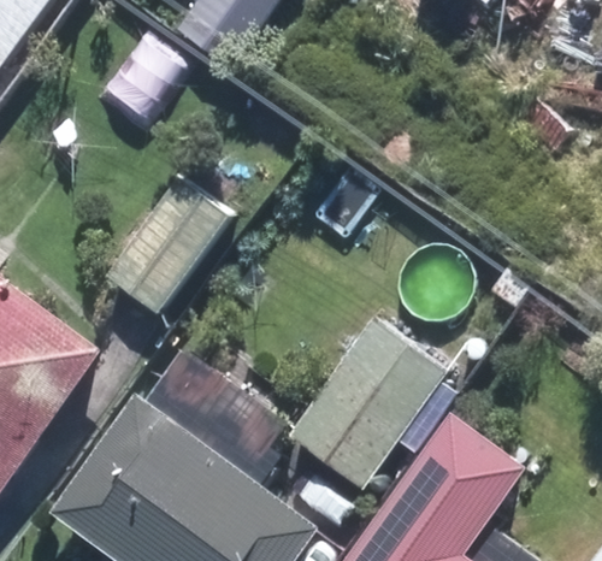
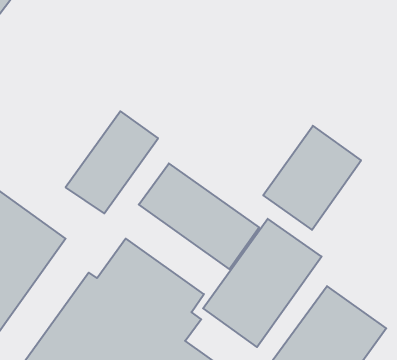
building: none -> [263,126,361,230]
building: none -> [139,163,259,269]

